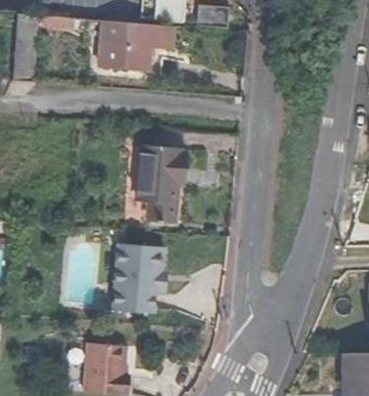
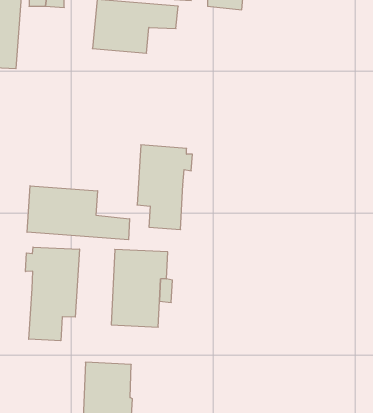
building: none -> [27,186,130,240]
building: none -> [26,247,79,341]

